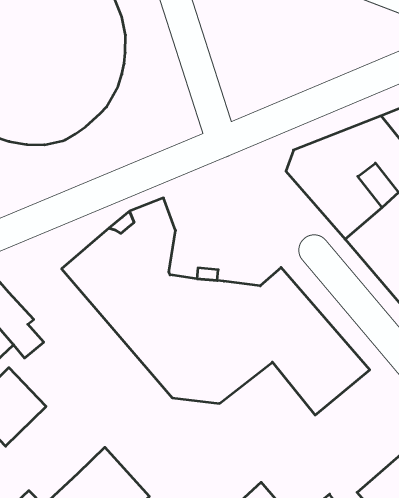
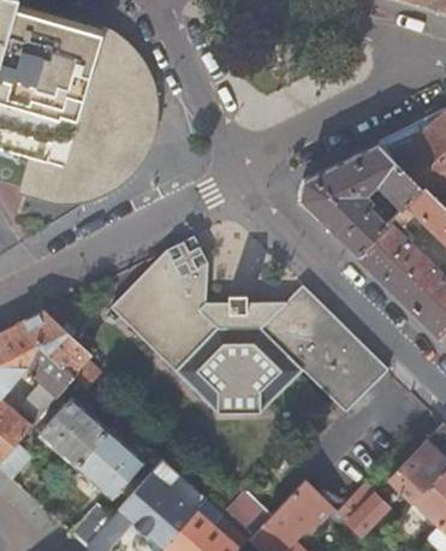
building: none -> [75,428,162,499]

